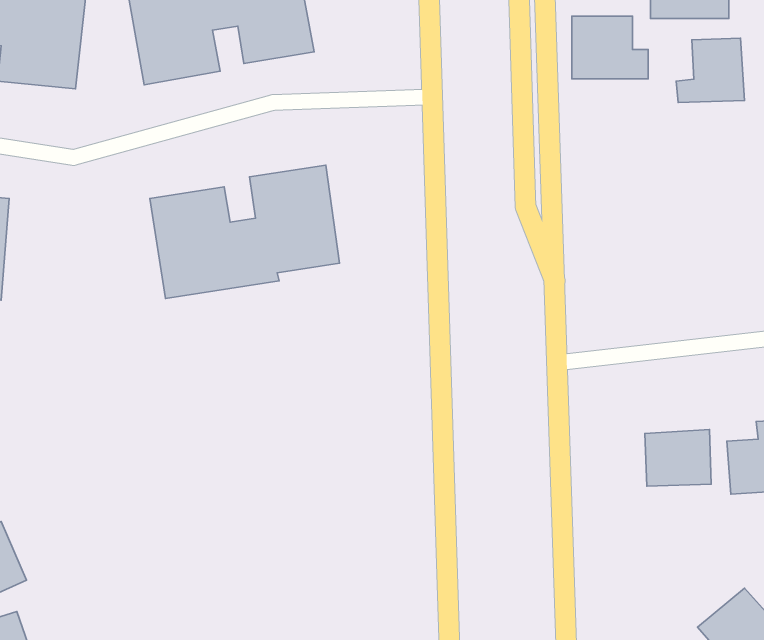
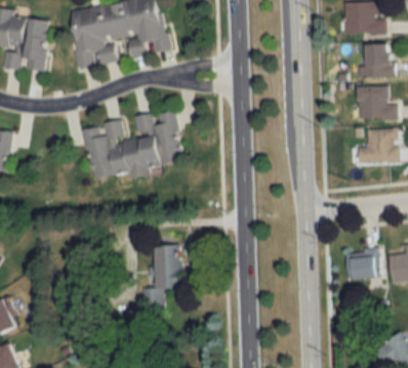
building: [572,16,648,79] -> [359,85,399,118]
building: none -> [360,127,400,162]
building: none -> [142,245,183,311]

